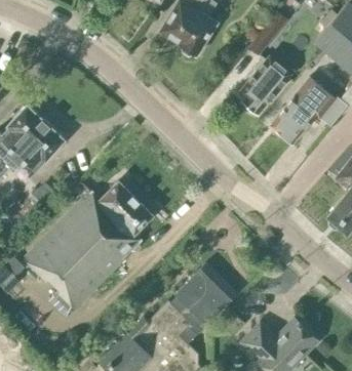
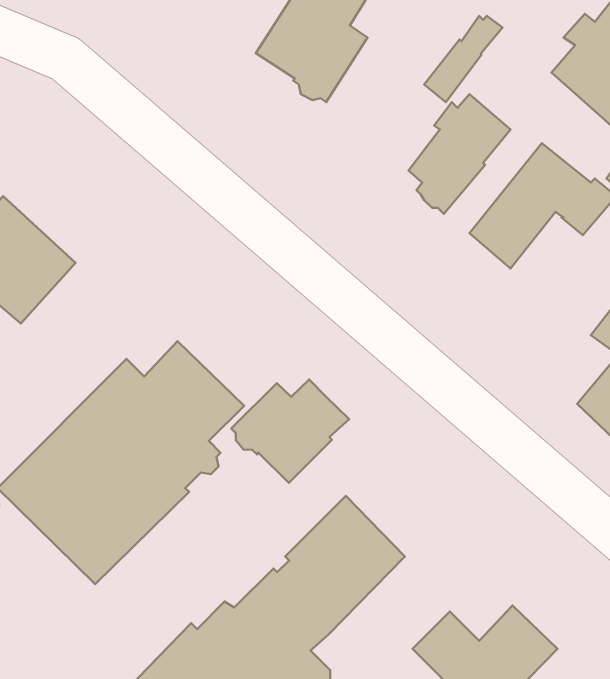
building: none -> [231,380,349,483]

